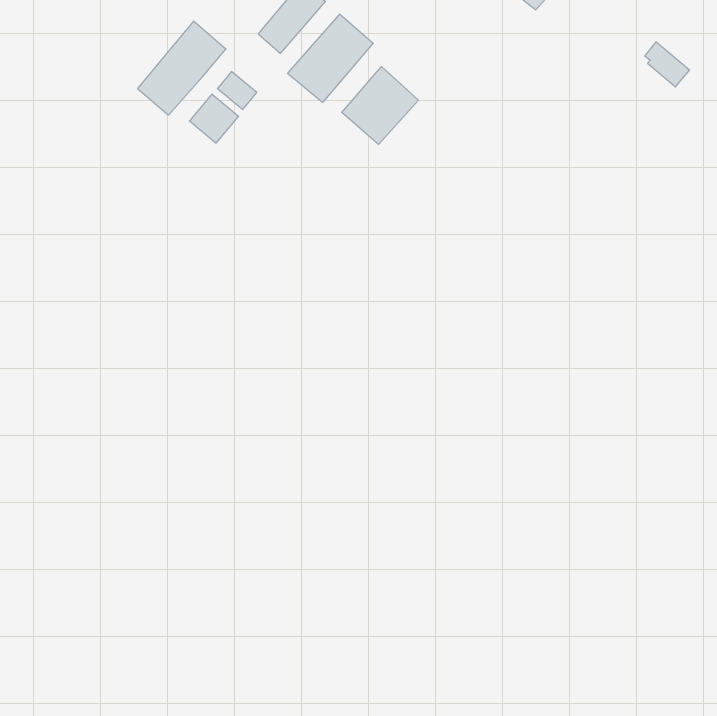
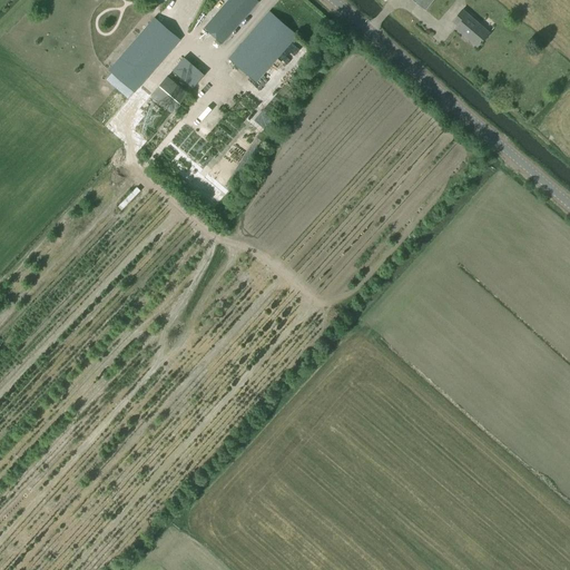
building: [645,42,690,87] -> [453,10,489,46]
building: [342,67,419,145] -> none

